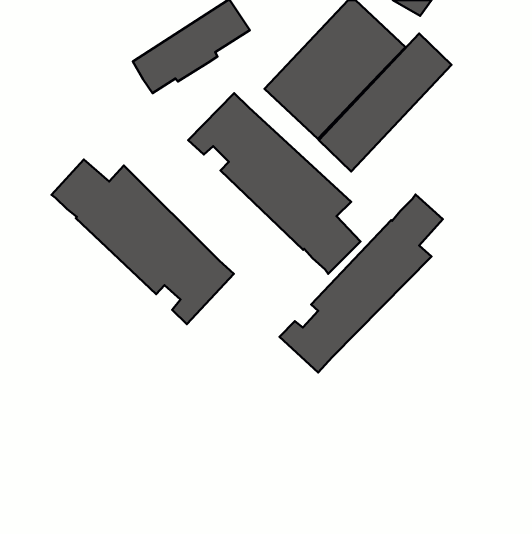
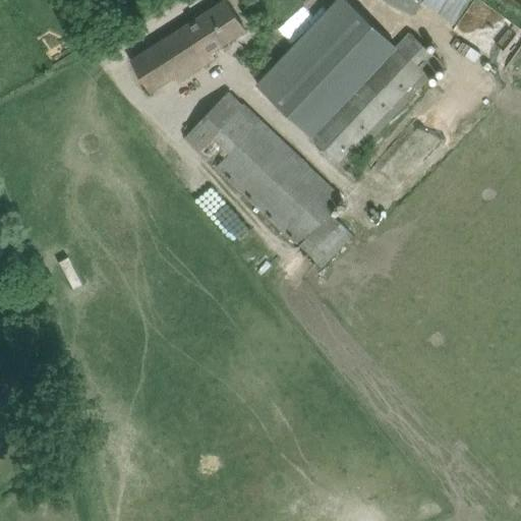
building: [51,159,234,324] -> none
building: [280,195,443,372] -> none

